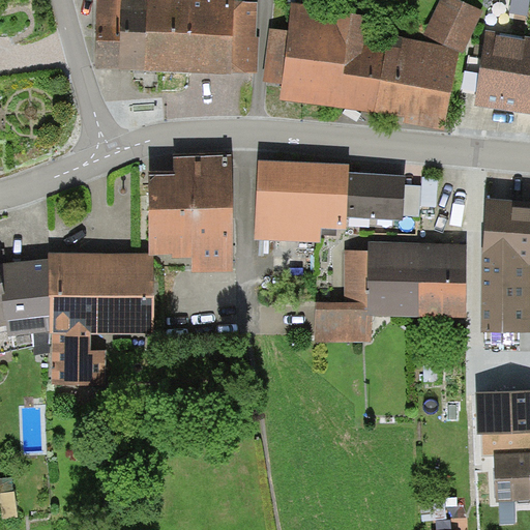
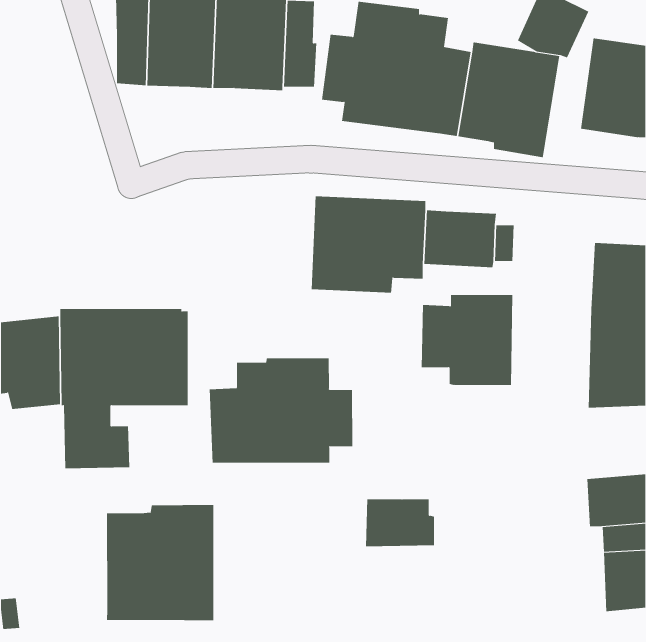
building: [149,152,233,271] -> none
building: [419,241,468,317] -> none
building: none -> [209,357,353,464]
building: [315,301,372,341] -> [365,499,435,547]
building: none -> [106,504,214,621]

